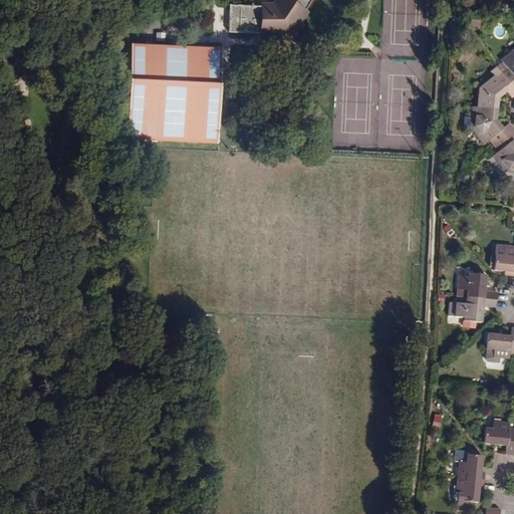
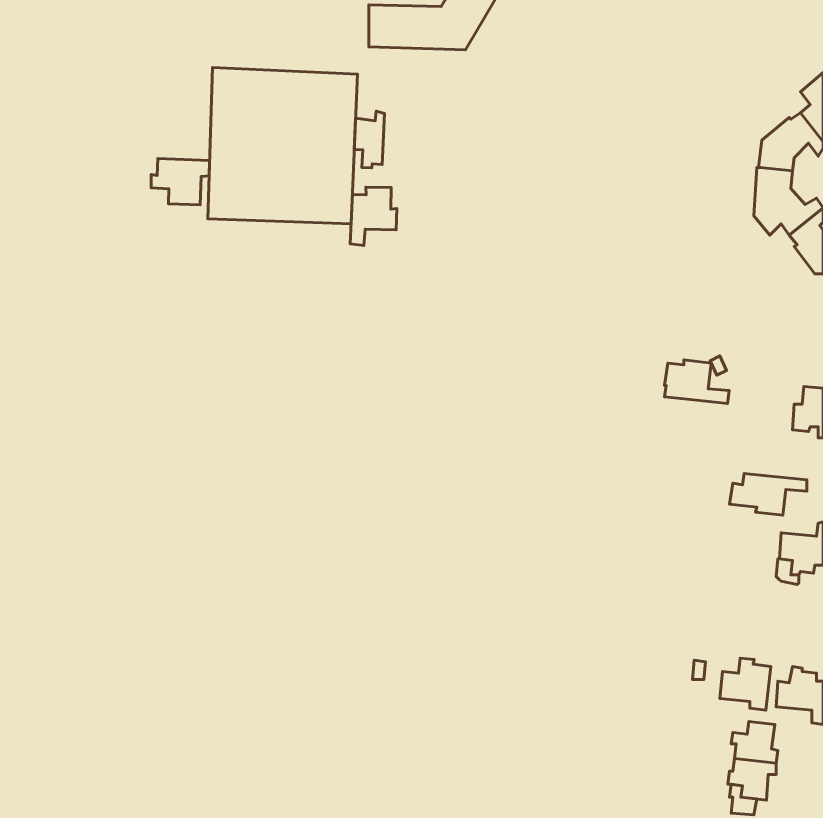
building: none -> [354,111,385,168]
building: none -> [151,158,210,205]
building: none -> [350,187,397,245]
building: [464,272,504,299] -> [665,360,729,403]
building: none -> [720,658,771,710]

